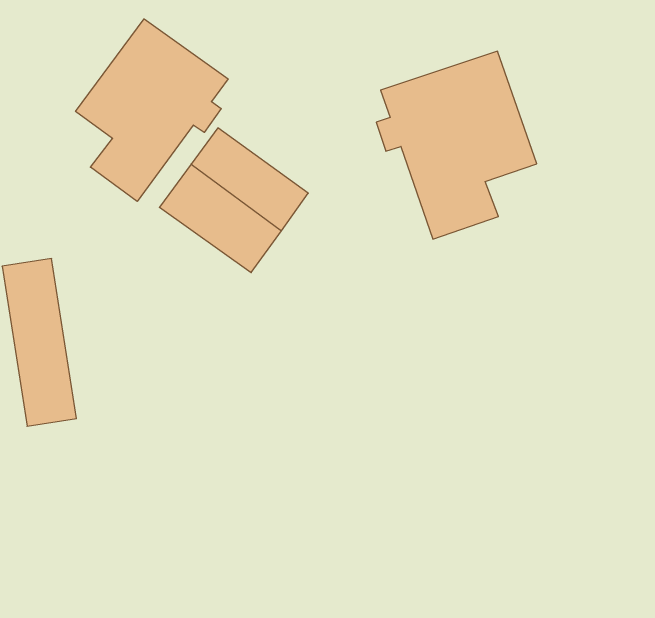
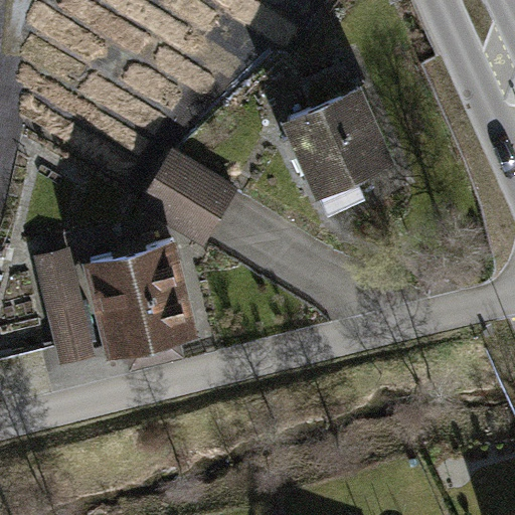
building: [76,19,228,201] -> none
building: none -> [85,236,196,364]

